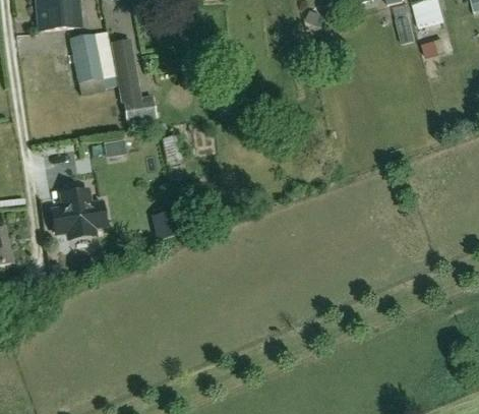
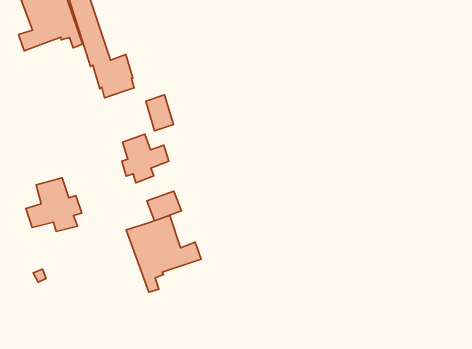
building: none -> [122,134,169,183]
building: none -> [126,215,201,292]

